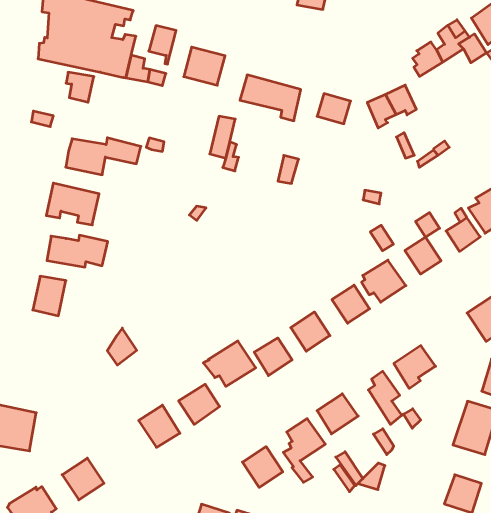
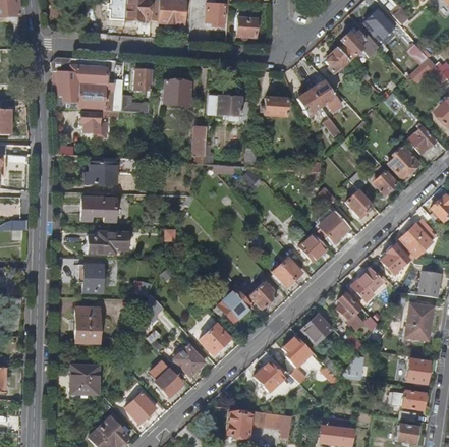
building: none -> [380,244,408,274]
building: none -> [74,306,99,343]
building: none -> [154,369,182,397]

